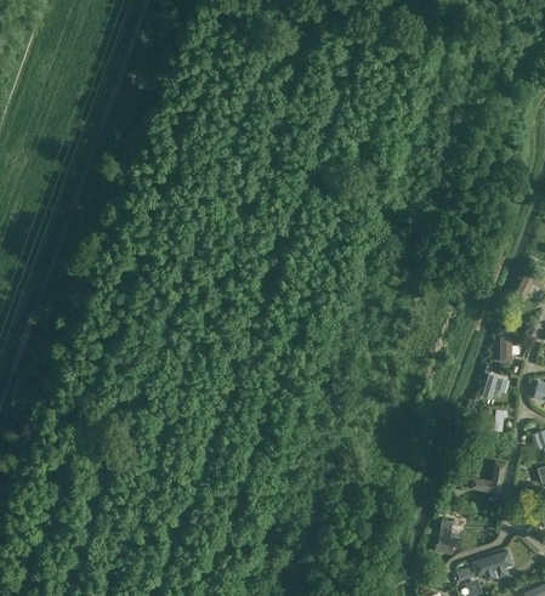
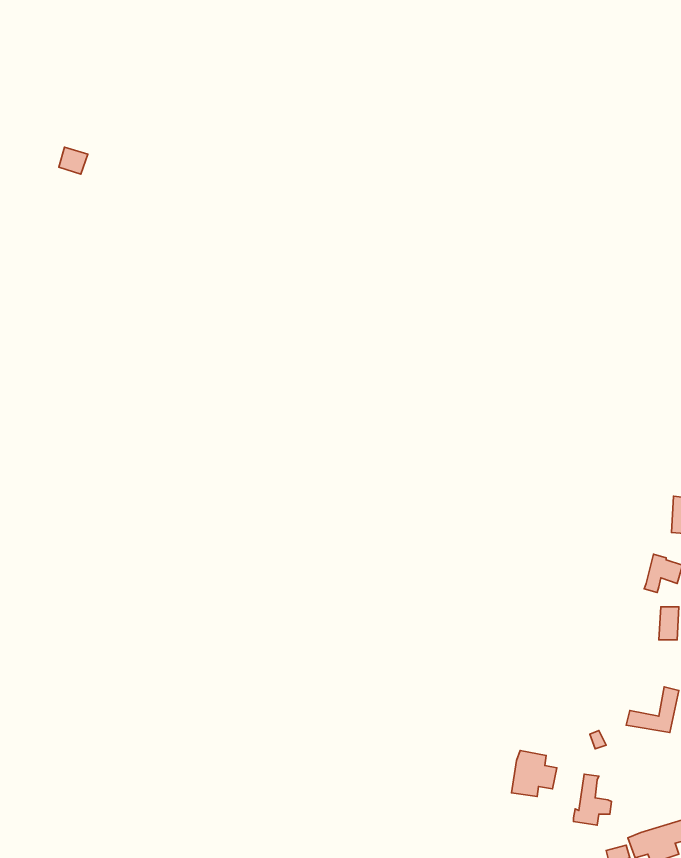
building: none -> [512,751,557,796]

